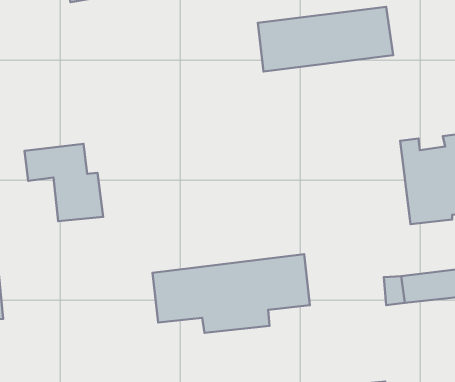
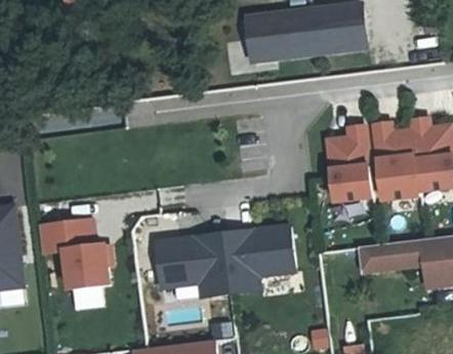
building: none -> [327,126,373,201]
building: [25,144,103,221] -> [39,220,109,288]

